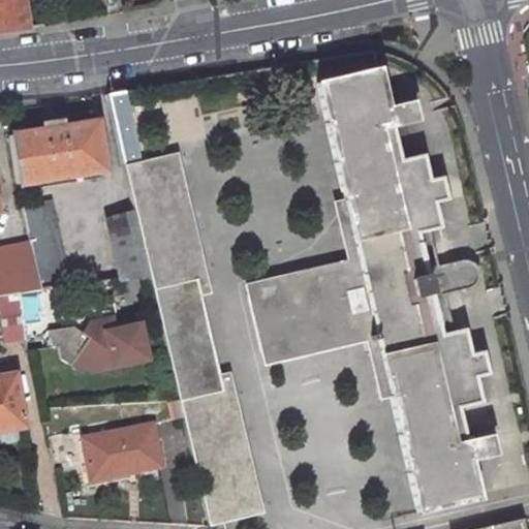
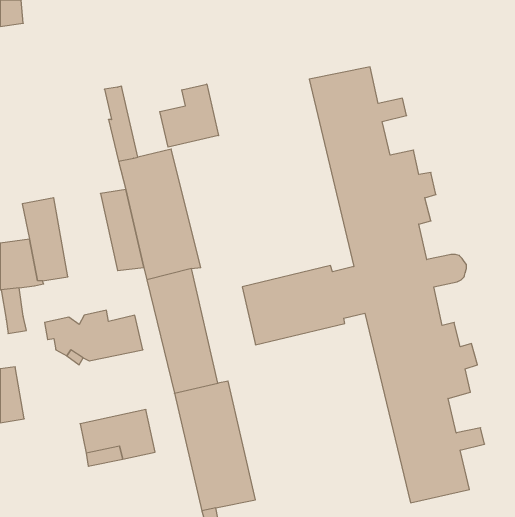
building: none -> [160,84,219,147]
building: [13,119,108,184] -> none

